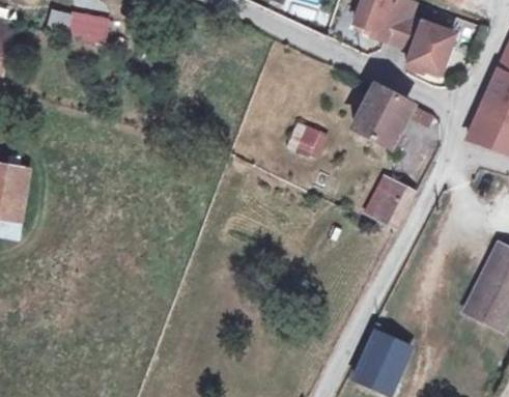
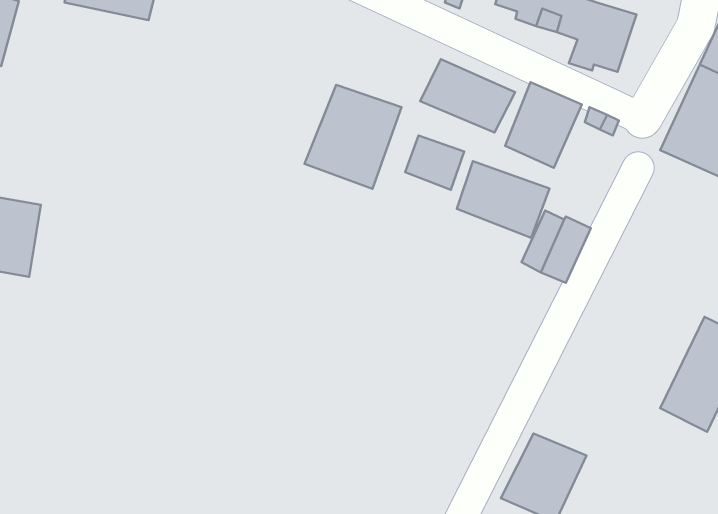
building: none -> [420,59,515,132]
building: none -> [304,85,401,189]
building: none -> [457,161,550,238]

